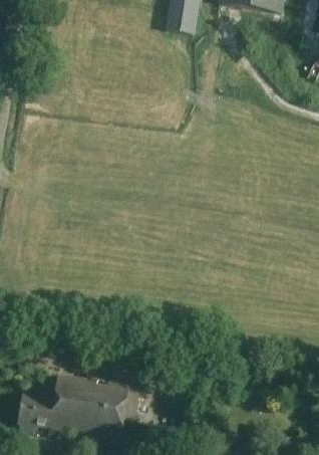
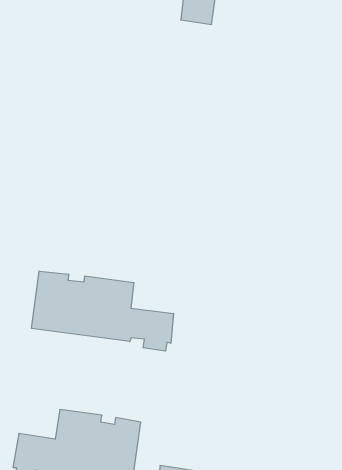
building: none -> [32,271,174,351]

